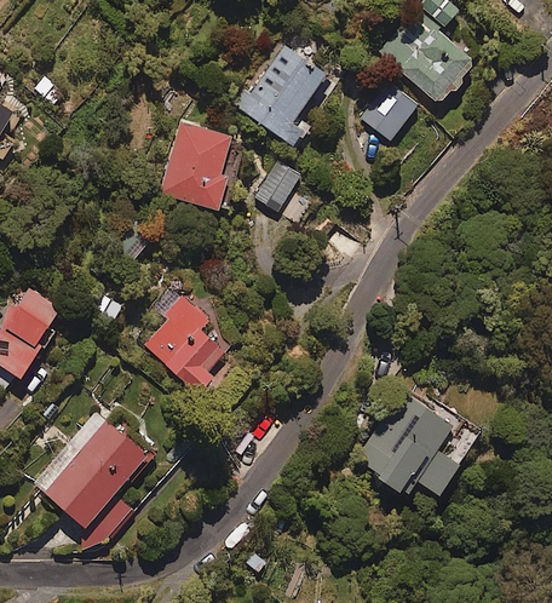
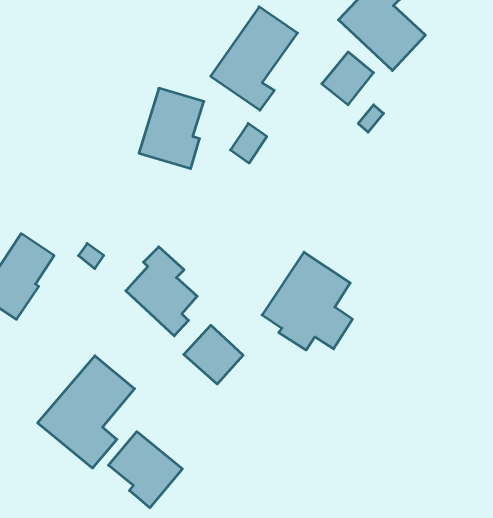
building: none -> [184,325,243,384]
building: [357,391,456,499] -> [262,252,352,350]
building: none -> [108,432,182,508]

